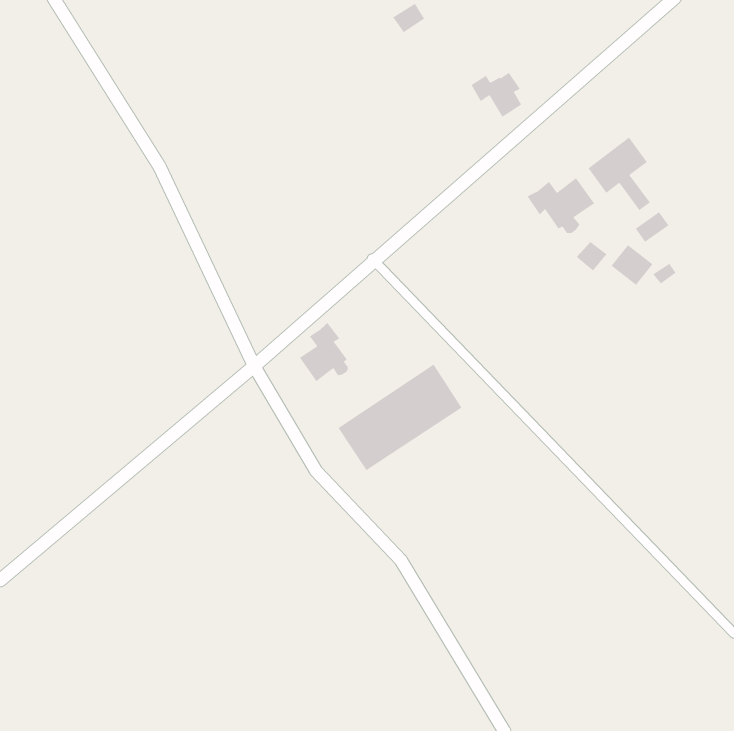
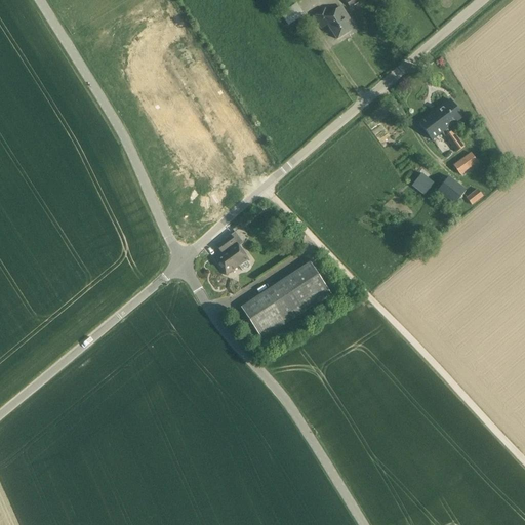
building: [470,72,522,118] -> [314,5,351,38]
building: [527,177,595,234] -> none

